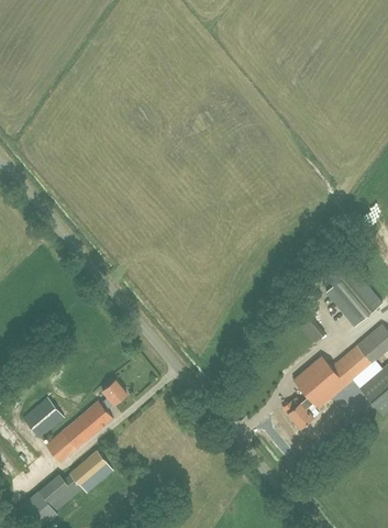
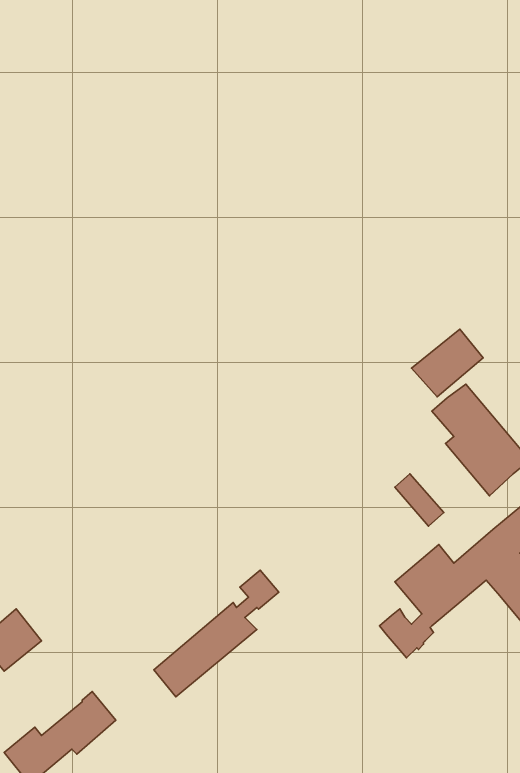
building: none -> [412,329,483,397]
building: [45,381,126,463] -> [154,570,279,697]

